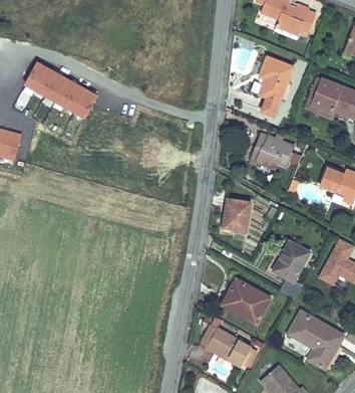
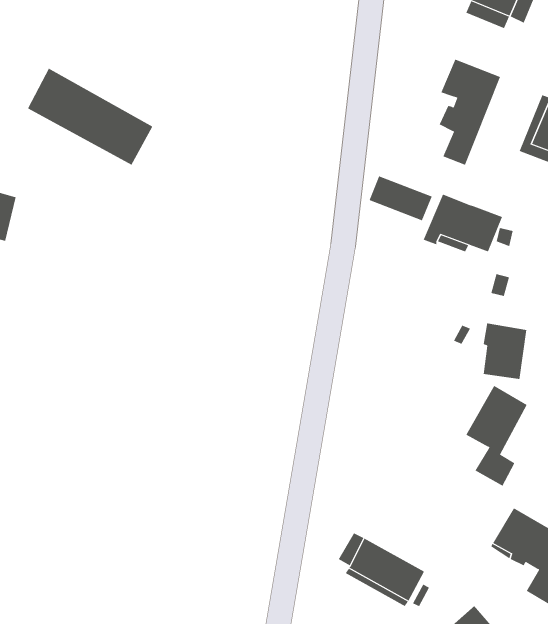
building: none -> [369,176,433,221]
building: [226,198,251,230] -> [483,323,527,379]
building: [222,278,271,324] -> none

